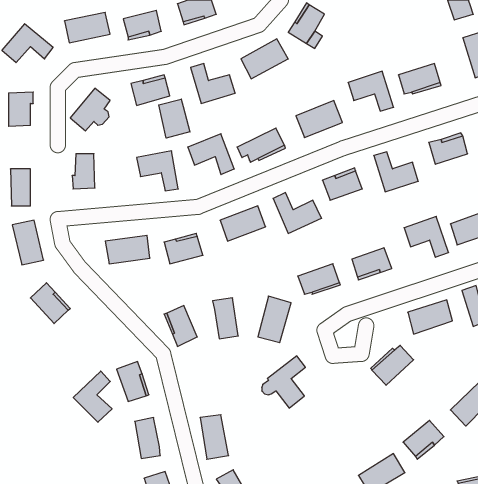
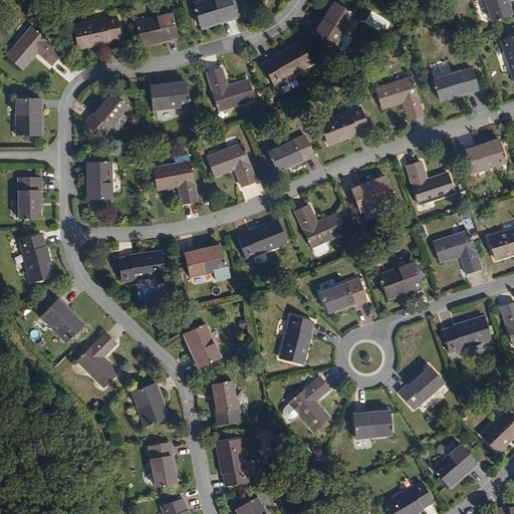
building: [159,99,190,138] -> none
building: [213,298,238,339] -> [213,382,240,426]
building: [73,371,112,422] -> [79,333,120,388]
building: none -> [353,411,392,436]

